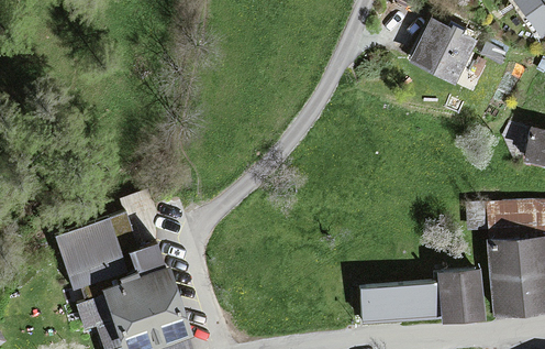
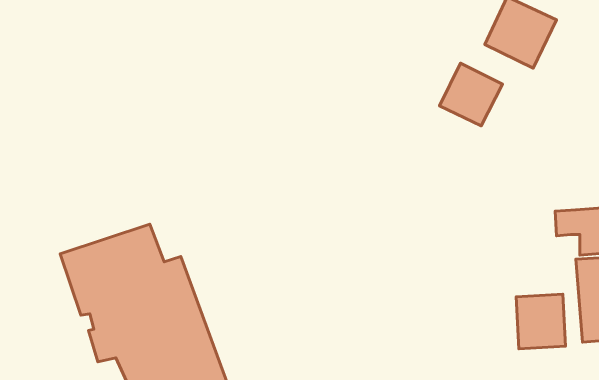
building: none -> [440,63,503,126]
building: [359,285,435,319] -> none

